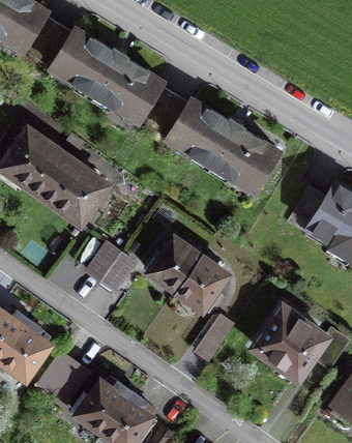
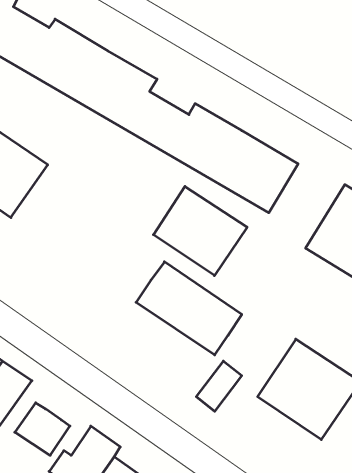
building: [38,153,109,226] -> none
building: none -> [153,186,247,276]
building: [82,244,134,295] -> none

